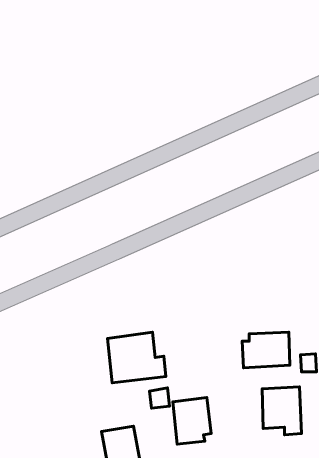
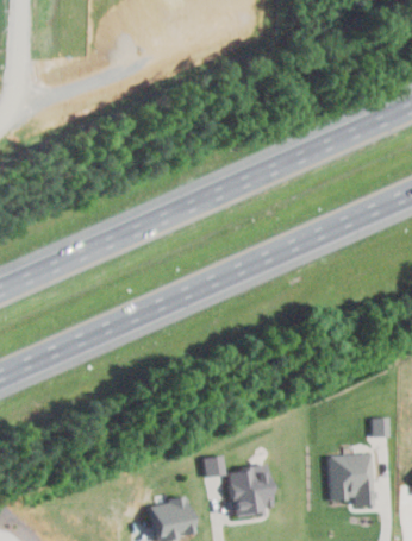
building: [107,332,166,383] -> none
building: [242,332,290,368] -> none

